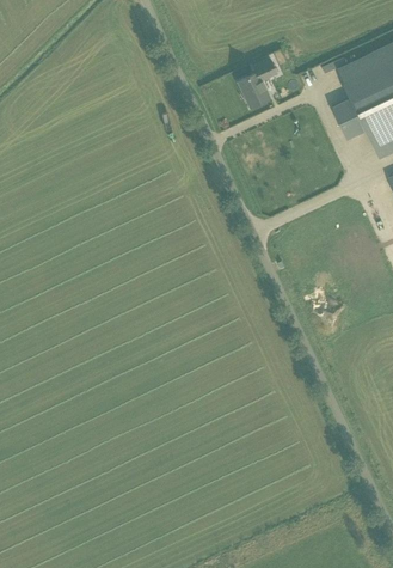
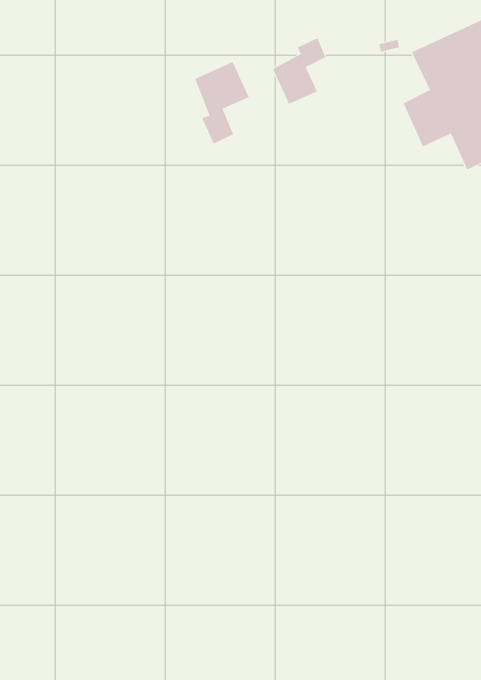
building: none -> [194,61,250,145]

